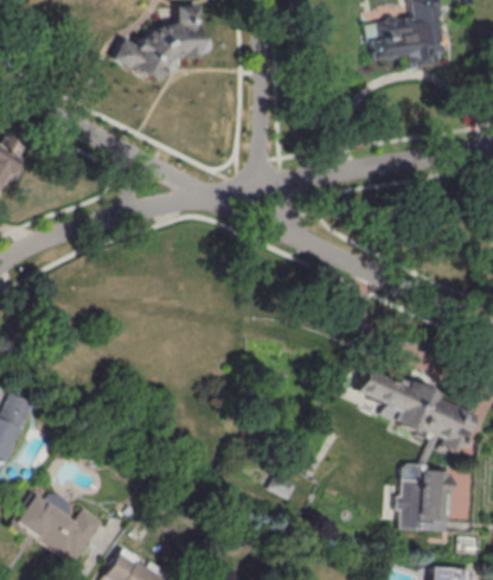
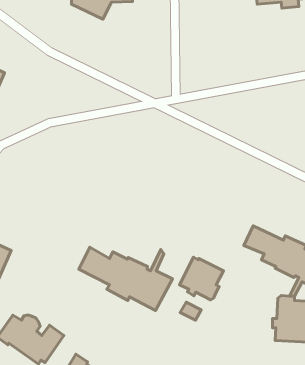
building: none -> [79,247,173,311]
building: none -> [180,257,223,300]

